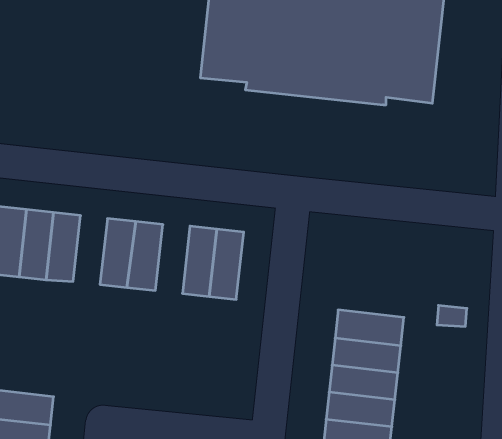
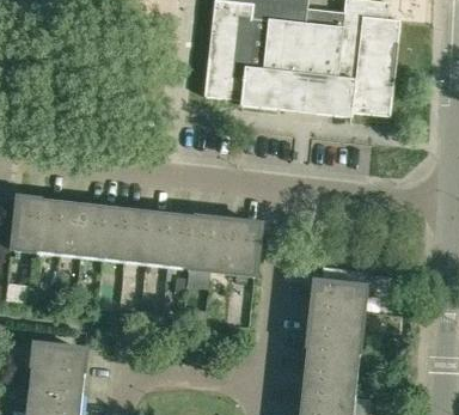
building: none -> [102,206,129,261]
building: none -> [166,213,195,273]
building: none -> [232,219,259,275]

